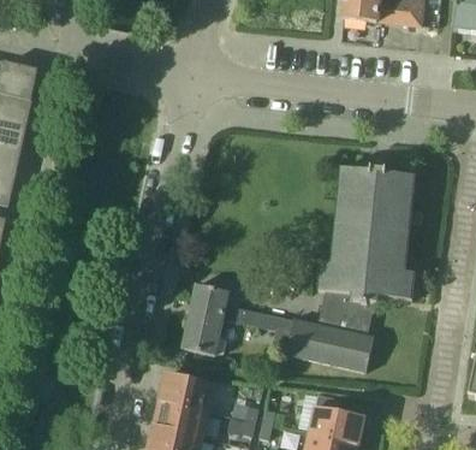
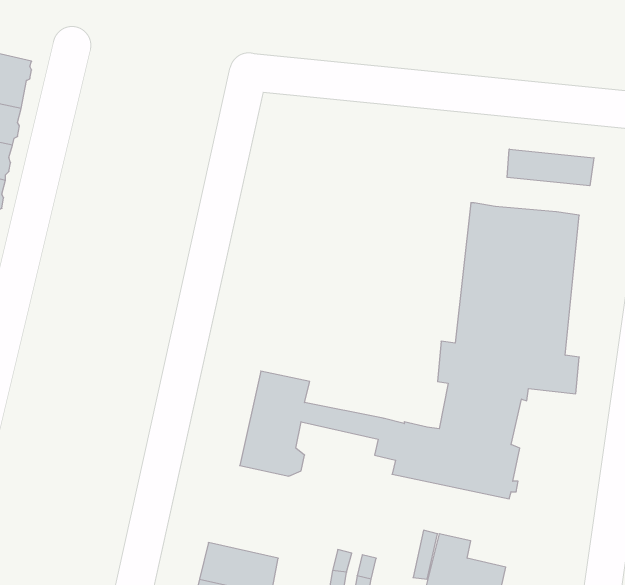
building: none -> [507,149,594,186]
building: [159,374,213,410] -> none

